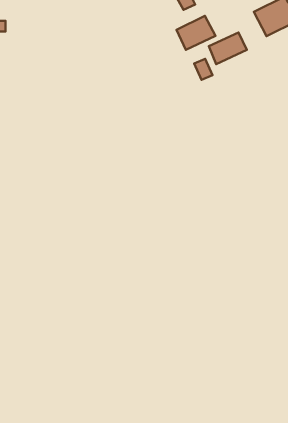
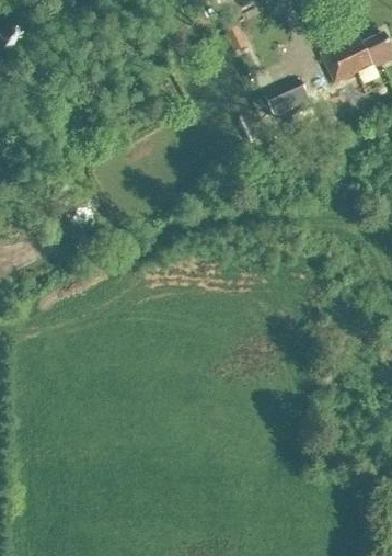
building: [177,16,215,50] -> none

